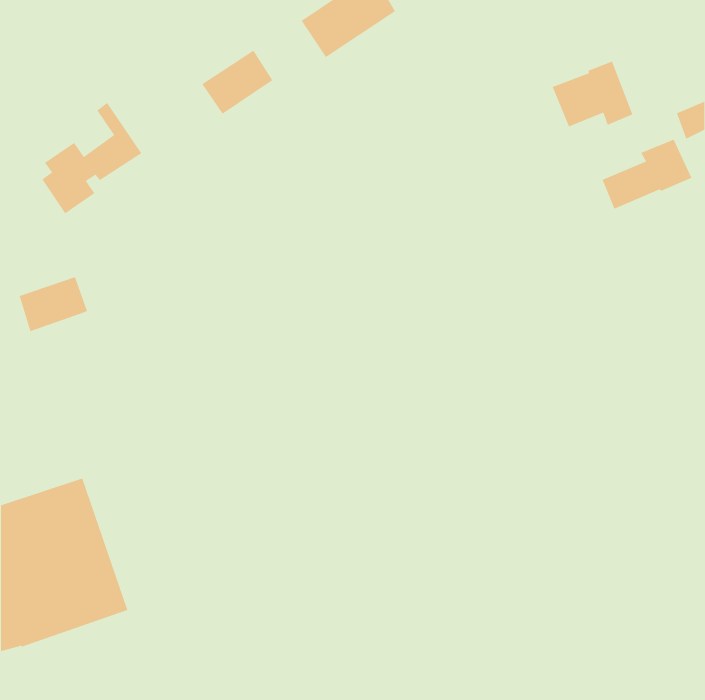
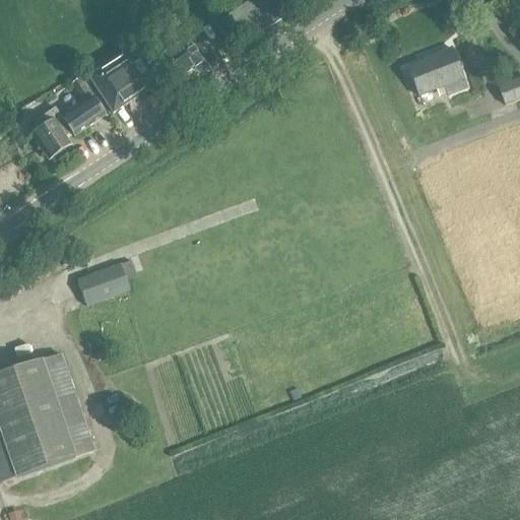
building: none -> [88,46,155,111]
building: [602,139,692,210] -> none
building: [19,277,88,332] -> [77,263,128,304]

